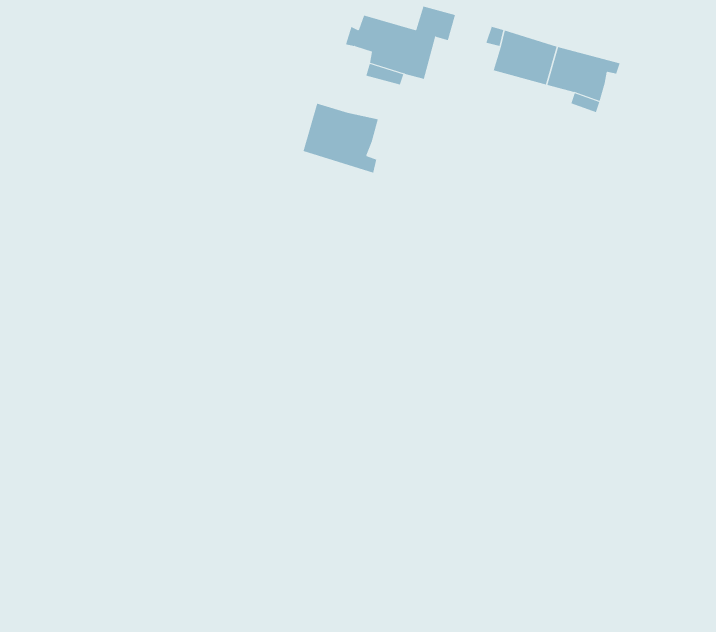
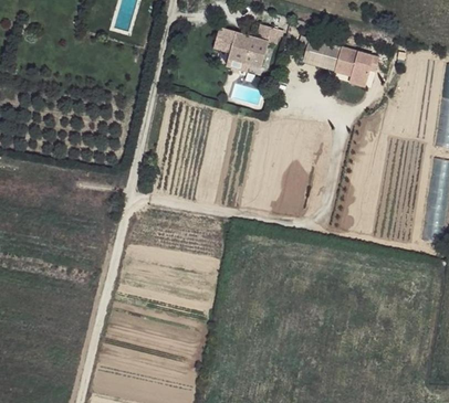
building: [303,103,379,174] -> none

